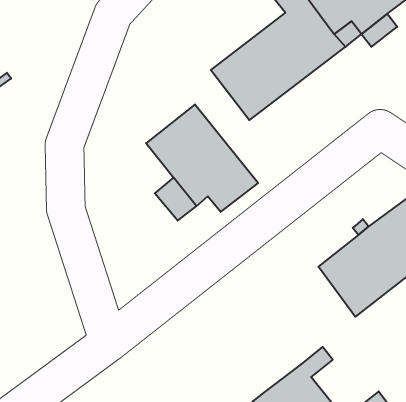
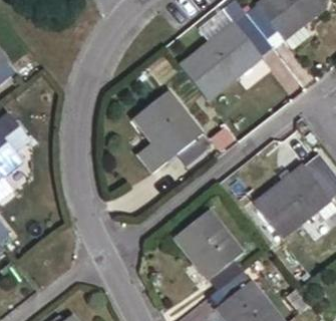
building: none -> [176,209,243,289]

